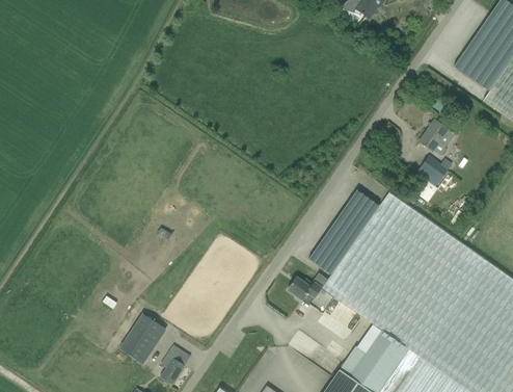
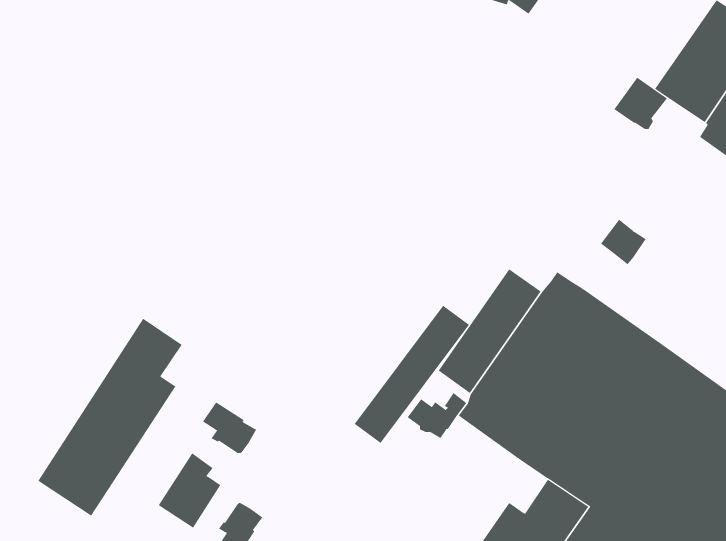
building: [419,121,455,156] -> [614,77,668,129]
building: none -> [354,305,470,444]
building: none -> [37,318,182,516]
building: none -> [202,401,257,454]

